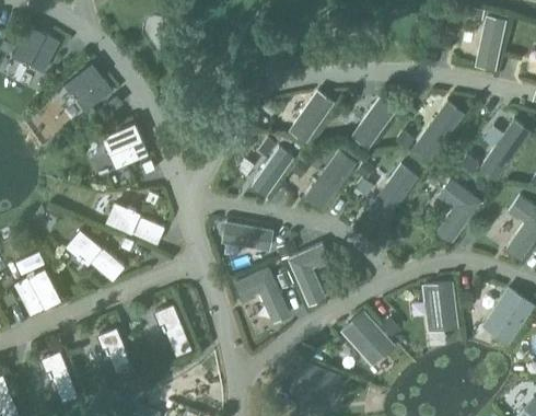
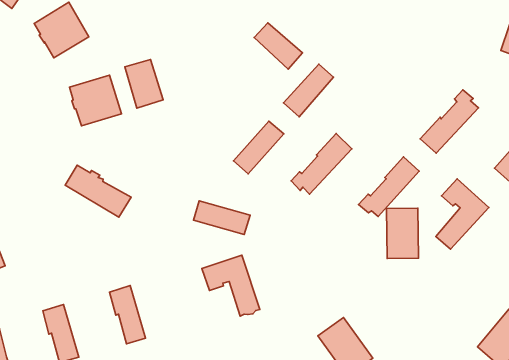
building: none -> [254,23,303,69]
building: [353,99,395,147] -> none
building: none -> [125,59,163,108]
building: [67,233,121,281] -> none
building: [288,244,329,305] -> none
building: [423,284,456,331] -> [386,208,418,258]

